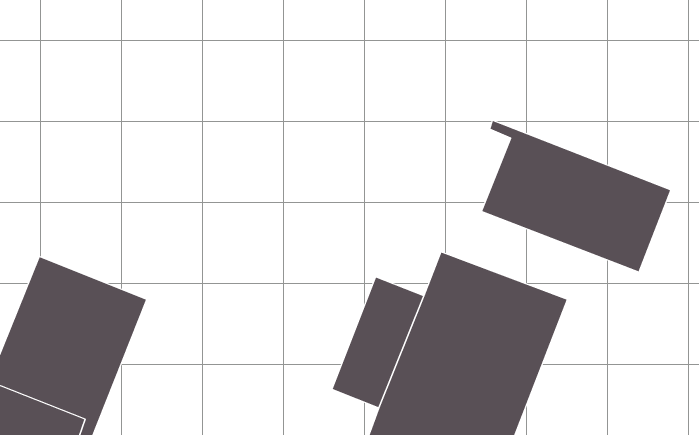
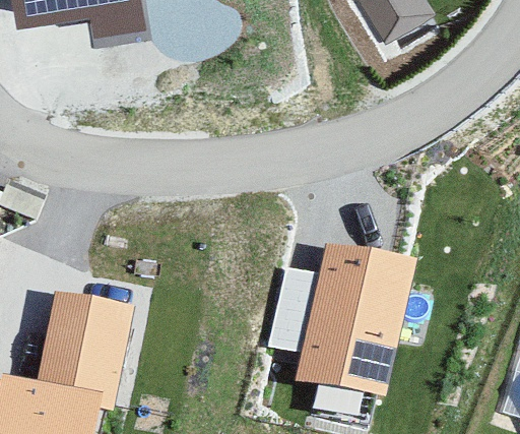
building: [482,120,671,272] -> none

